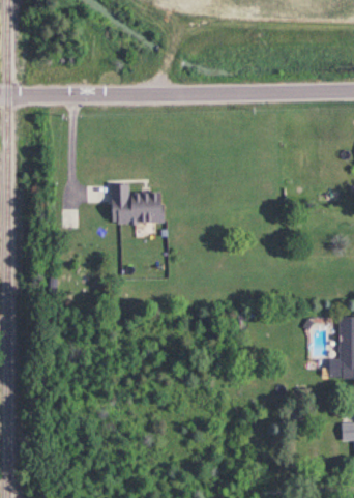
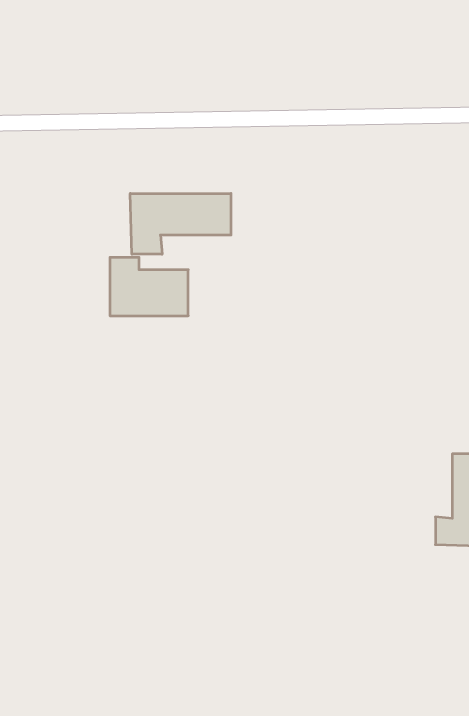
building: none -> [130,193,231,254]

